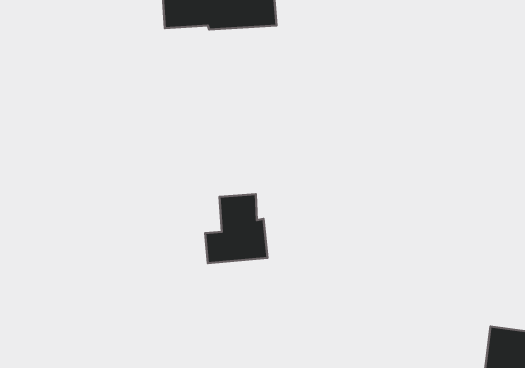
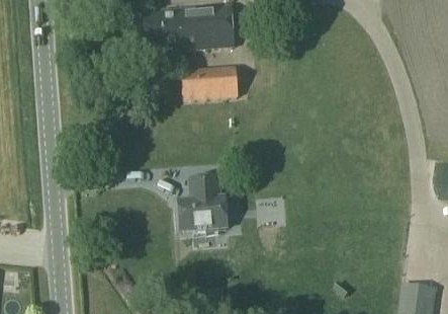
building: none -> [180,65,238,100]

